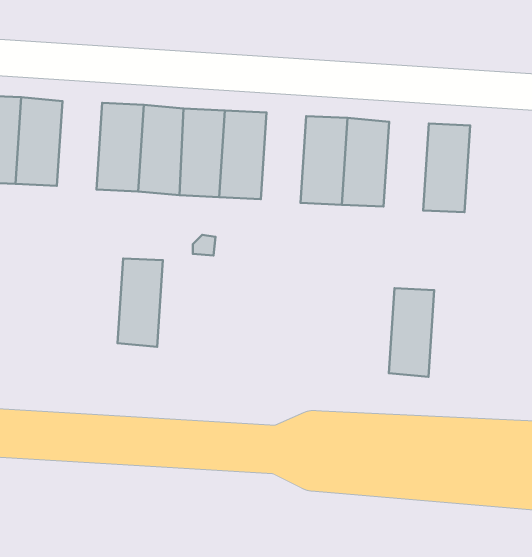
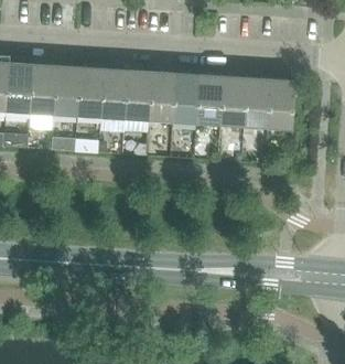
building: none -> [173,72,200,125]
building: [118,258,163,347] -> [54,65,80,117]
building: [389,288,434,377] -> [245,77,271,129]

